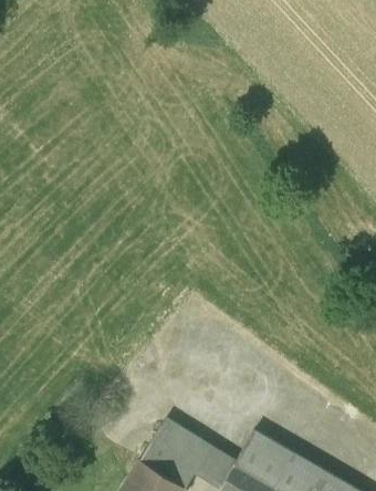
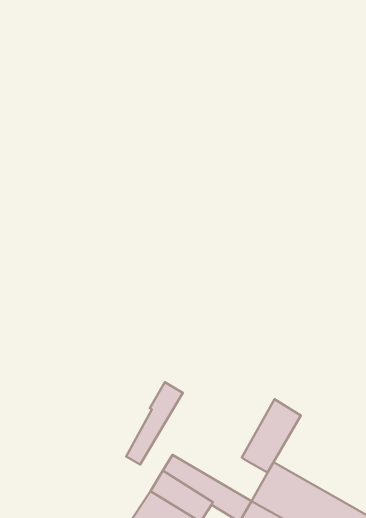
building: none -> [126,382,183,465]
building: none -> [242,399,301,472]

